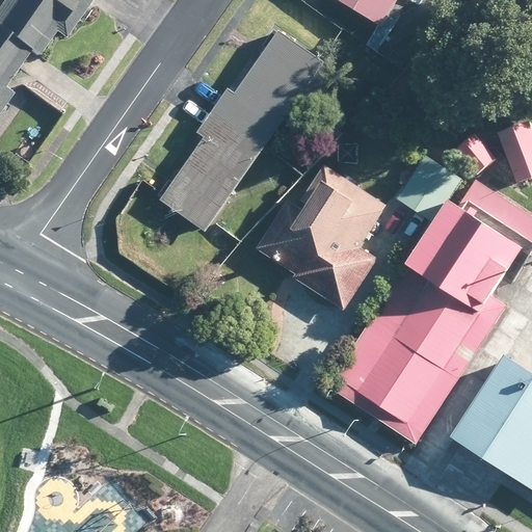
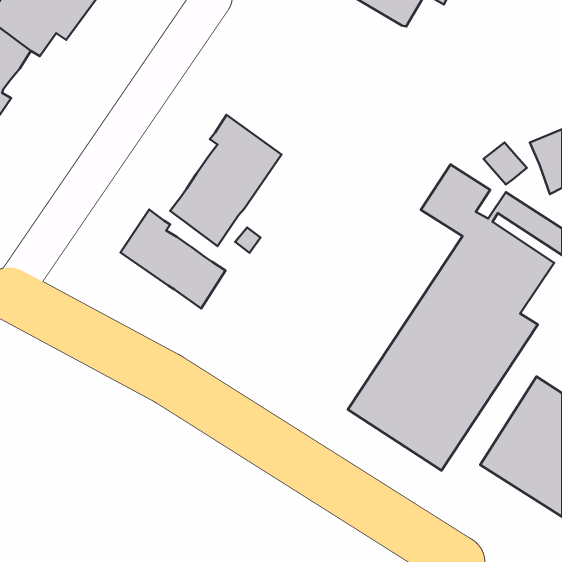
building: [213,30,324,145] -> none
building: [257,165,385,310] -> none
building: none -> [121,210,226,308]

